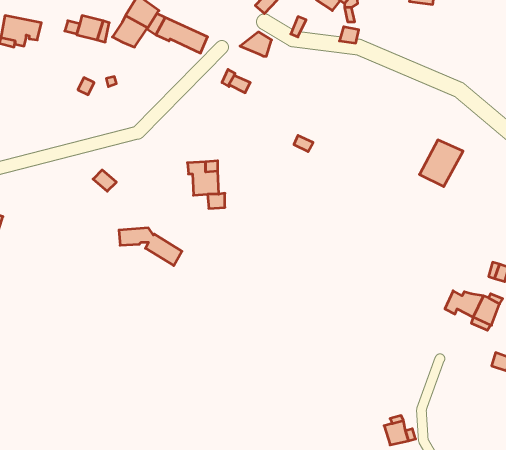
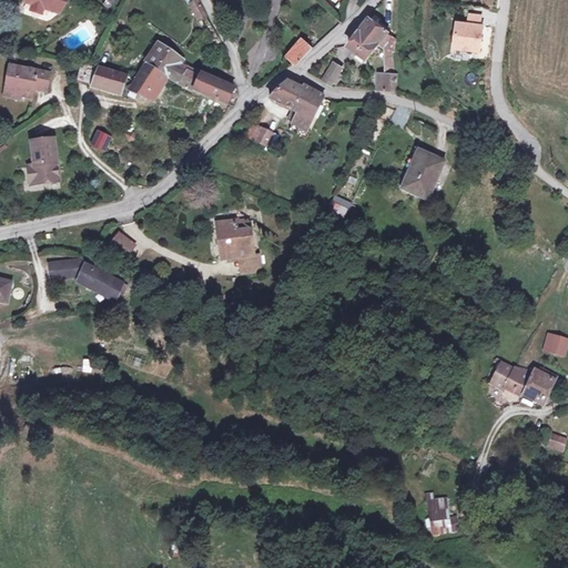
building: none -> [294,82,326,129]
building: none -> [28,136,58,180]
building: [419,140,463,187] -> [397,146,445,197]
building: [119,228,182,266] -> [52,263,121,304]

